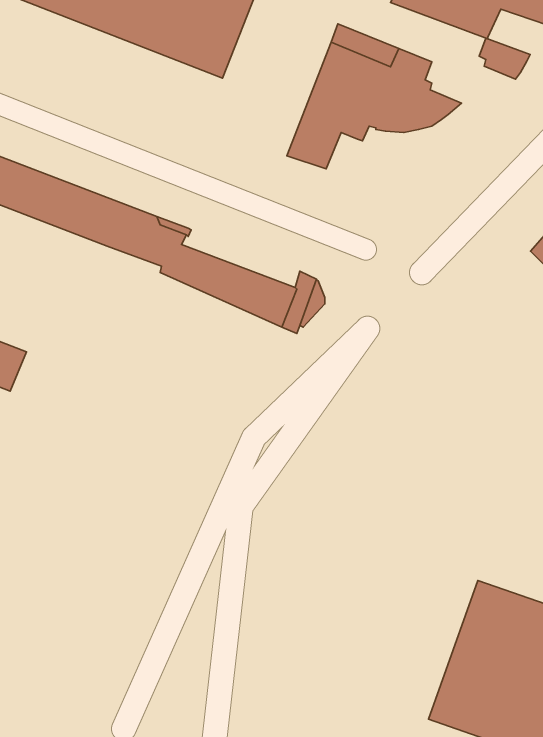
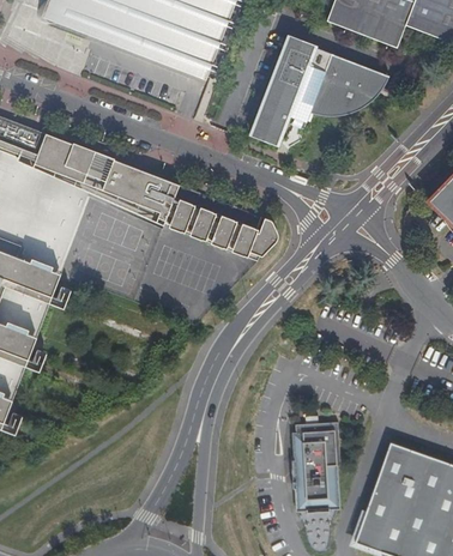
building: [479,38,530,79] -> [351,64,388,93]
building: none -> [290,422,339,512]

